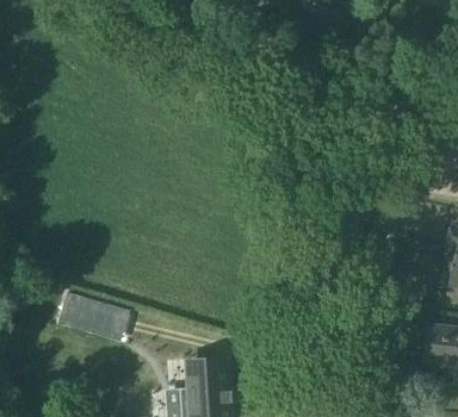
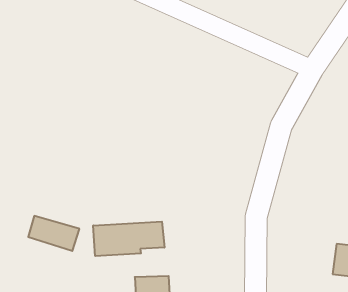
building: none -> [93,222,164,256]

